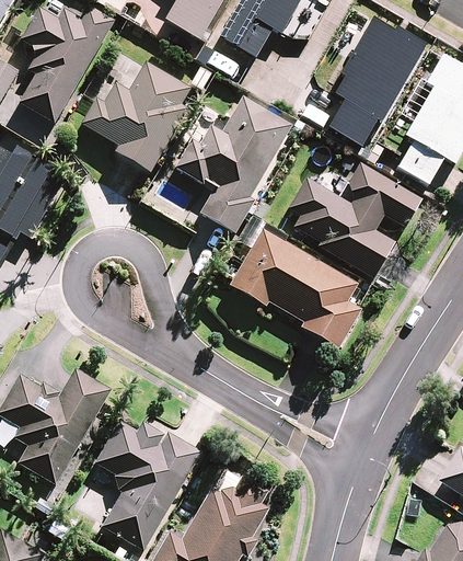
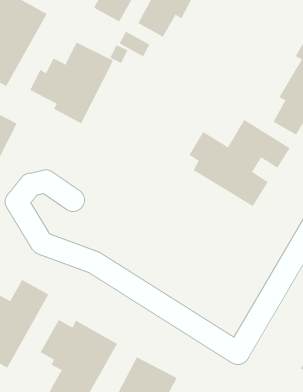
building: [324,22,421,149] -> none
building: [178,98,290,233] -> none
building: [223,226,359,344] -> none

